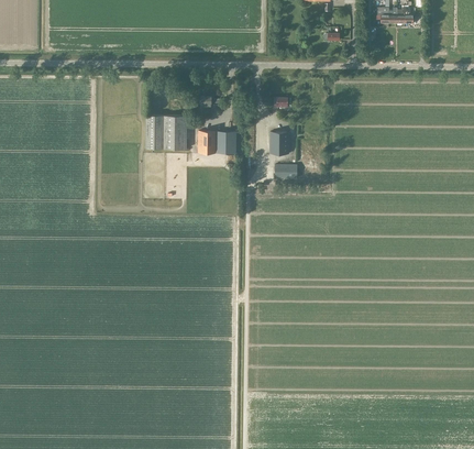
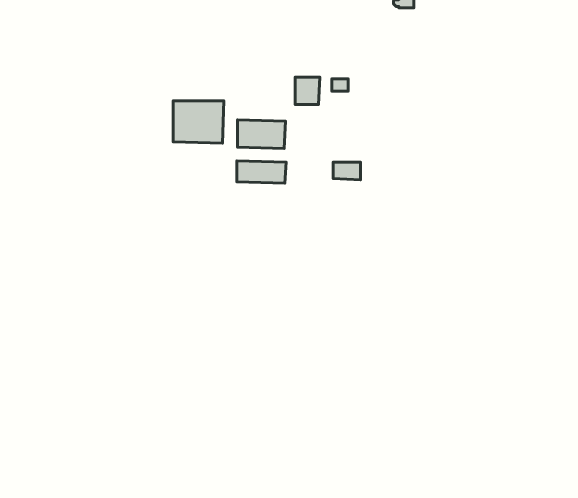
building: [269,132,289,154] -> [295,77,320,104]
building: none -> [237,161,286,183]

